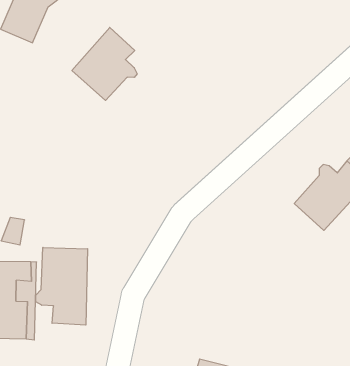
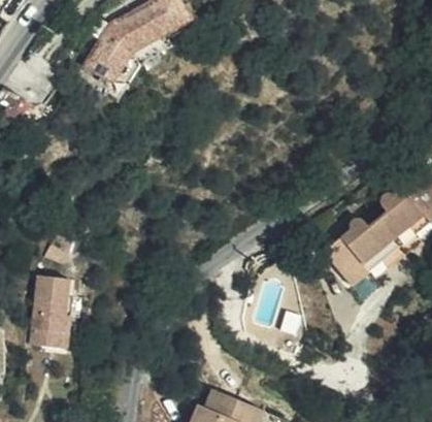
building: [72,27,137,100] -> none
building: [36,247,88,325] -> none

